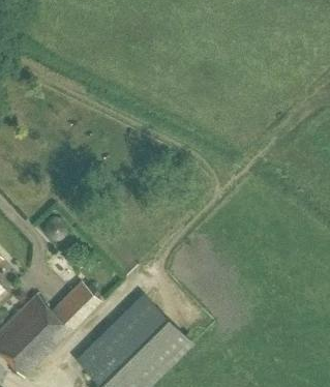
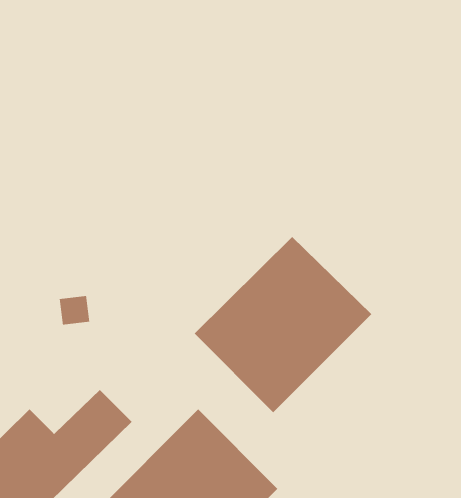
building: none -> [194,236,372,413]

